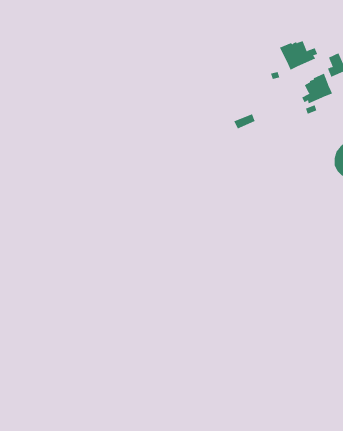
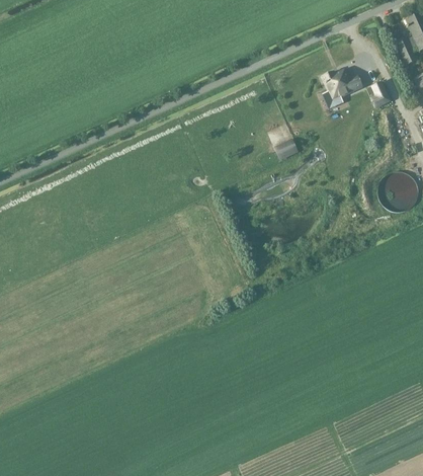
building: [302,73,333,106] -> none

